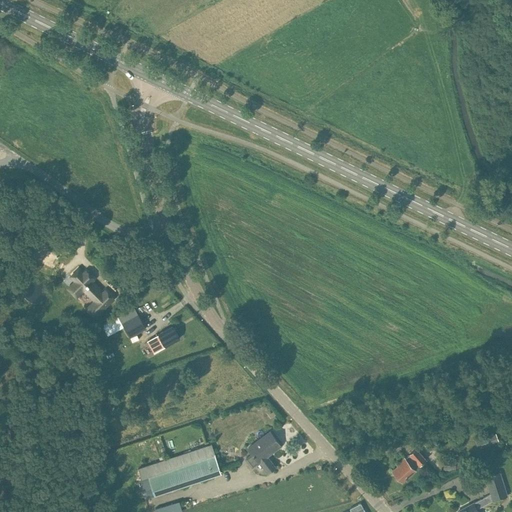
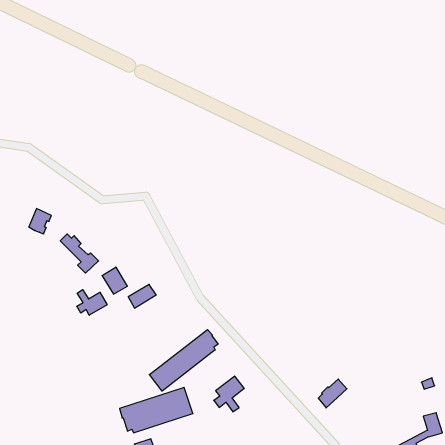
building: none -> [77,290,107,315]
building: none -> [149,330,218,391]
building: [392,449,425,482] -> [318,379,347,408]

